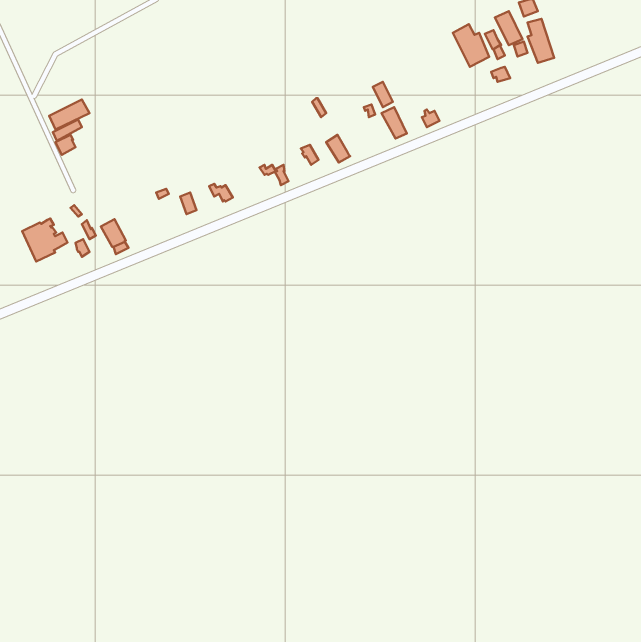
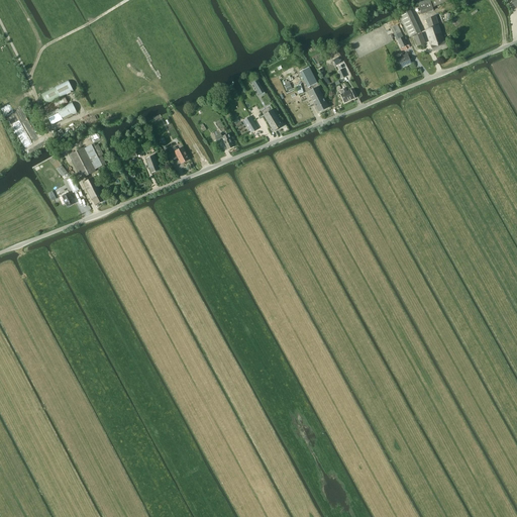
building: [453,24,489,67] -> none
building: [22,219,68,261] -> [68,143,104,178]

